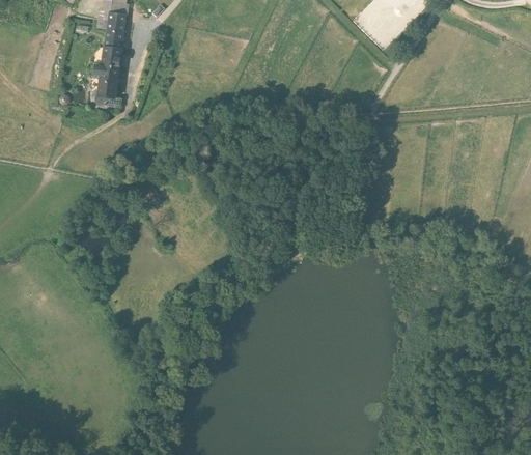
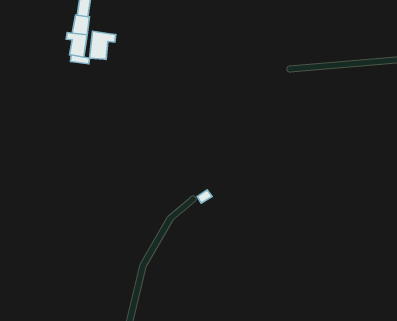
building: none -> [89,31,116,60]

